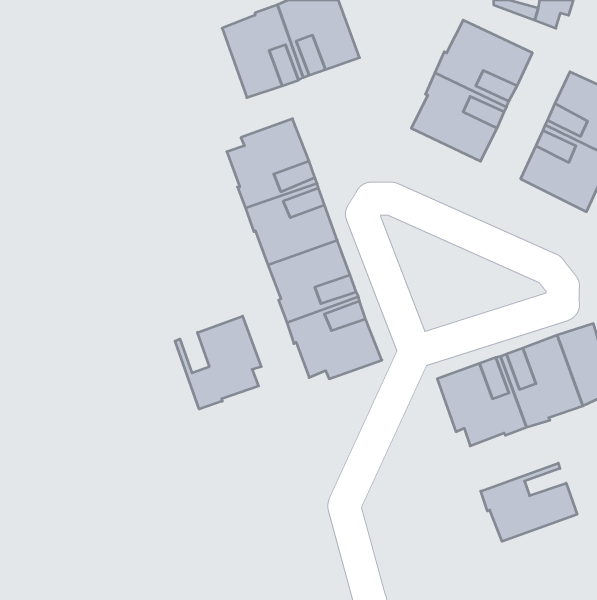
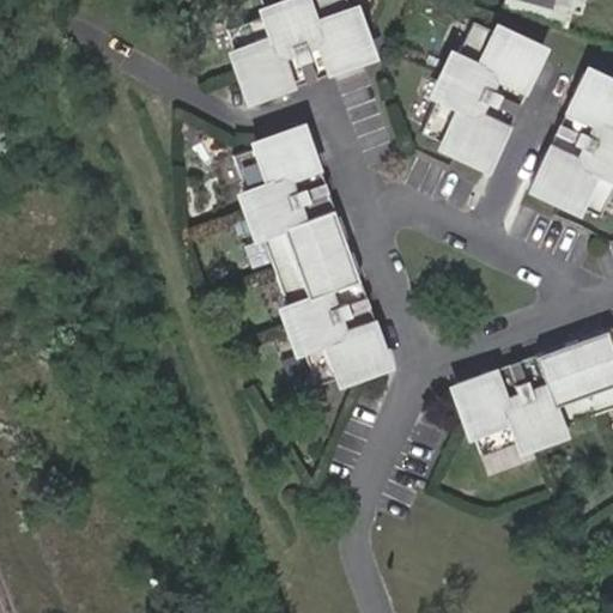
building: [175,316,261,409] -> none
building: [481,463,577,541] -> none

